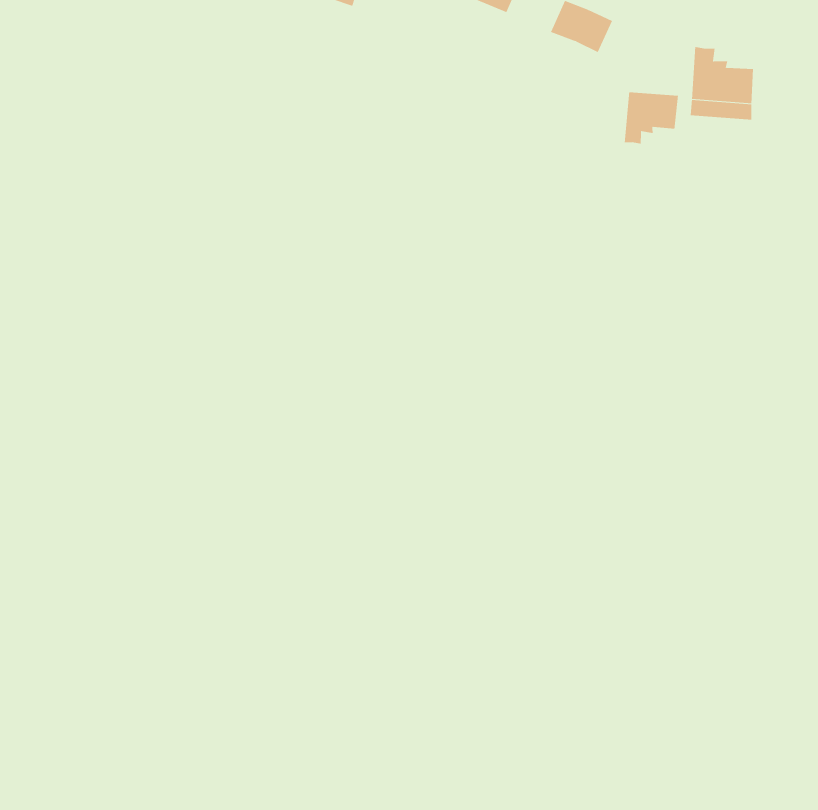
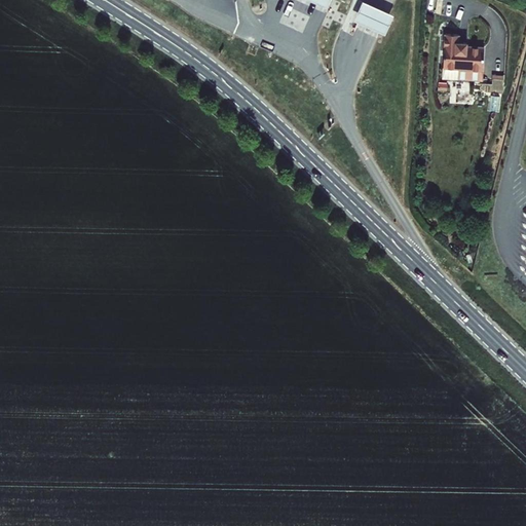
building: [624,92,678,144] -> none

